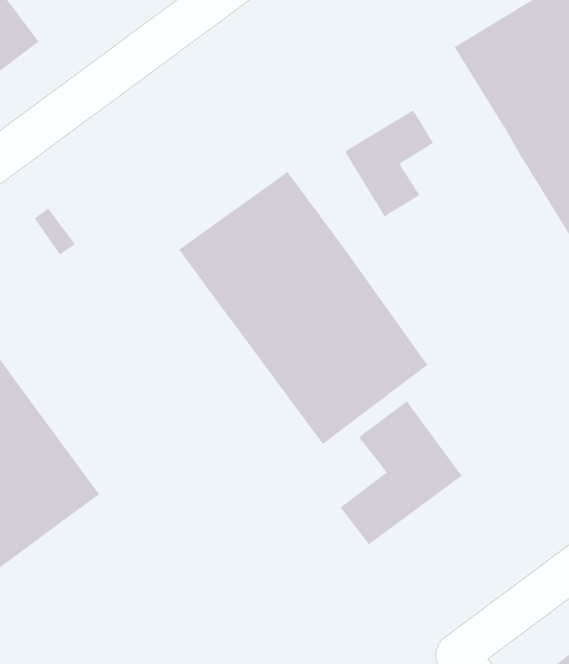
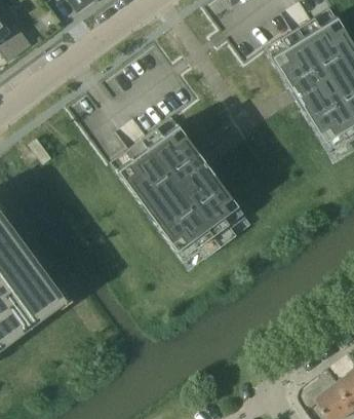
building: [344,110,434,217] -> none
building: [340,401,463,545] -> none

